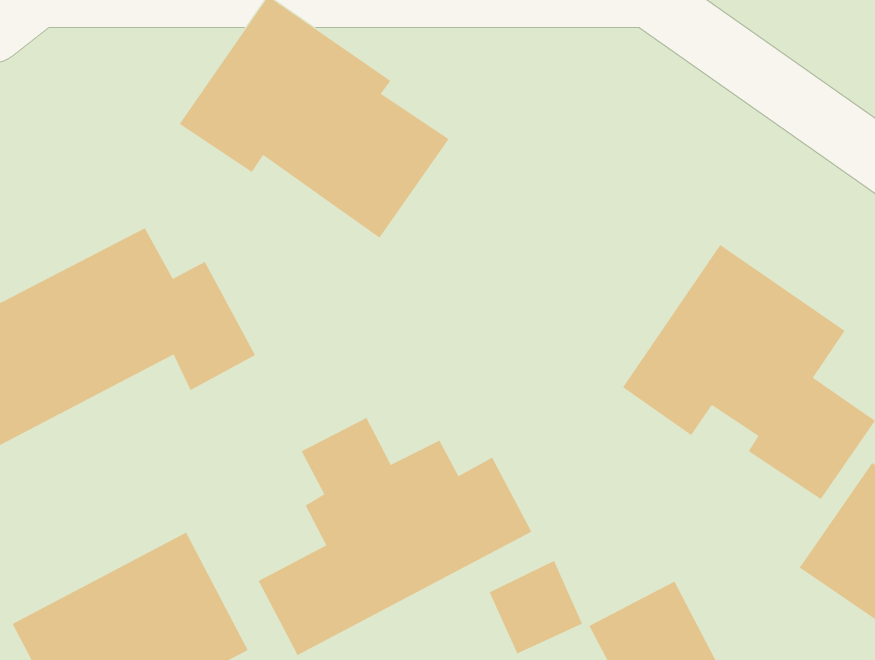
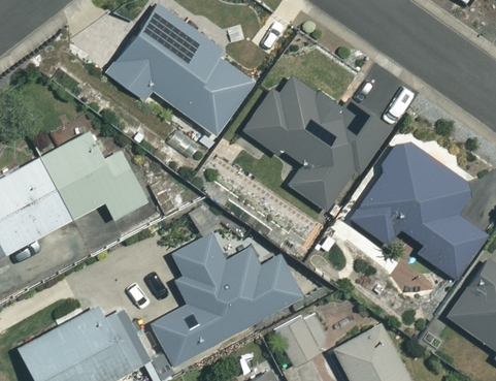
building: none -> [242,70,390,211]

